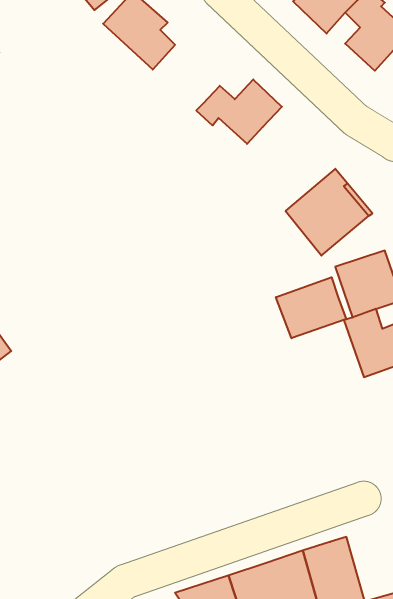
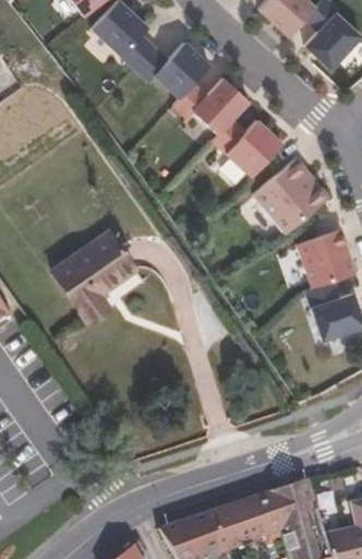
building: none -> [135,41,210,99]
building: none -> [213,119,281,177]
building: none -> [52,231,143,319]
building: [276,277,346,338] -> none

